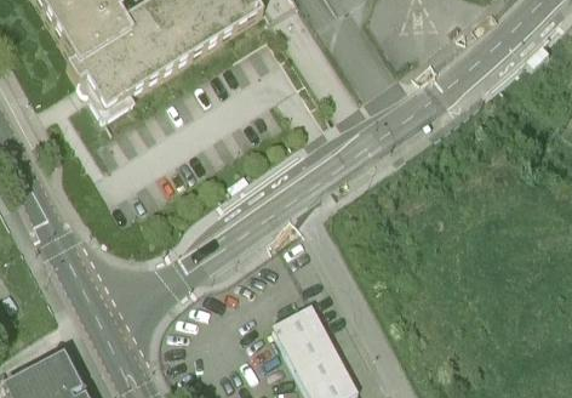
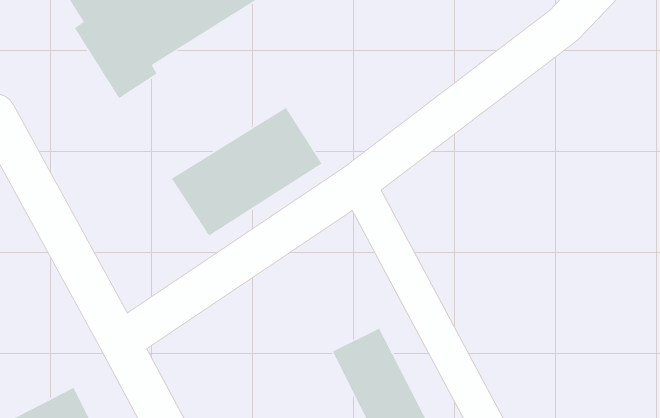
building: none -> [171,107,322,237]

